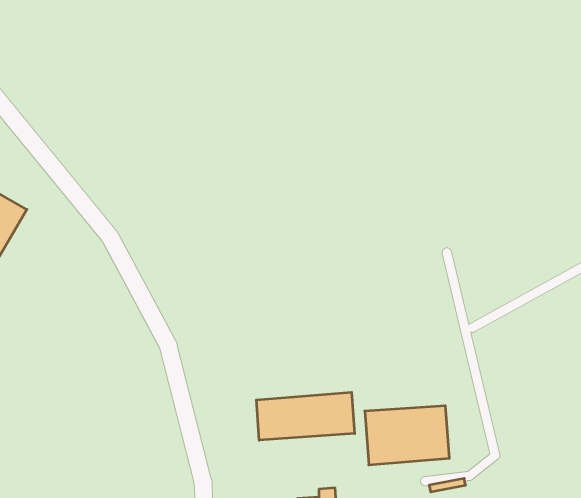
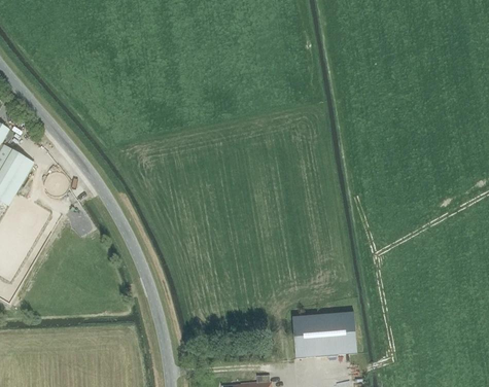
building: [256,392,355,440] -> none

